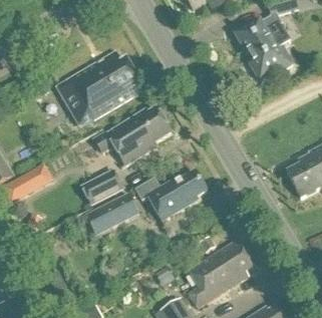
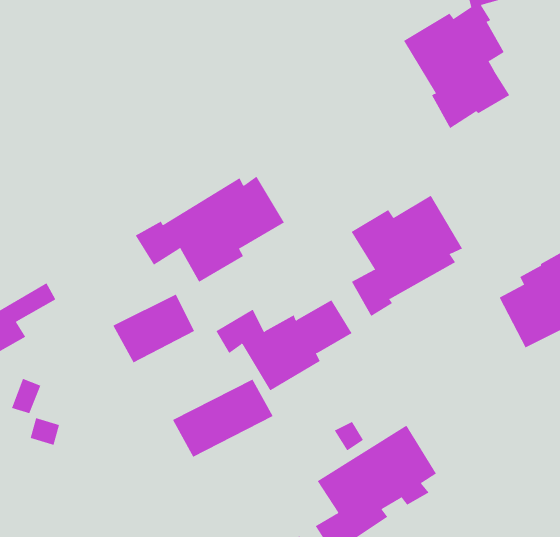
building: [55,50,145,126] -> none
building: none -> [351,195,463,317]
building: [84,194,138,236] -> [172,379,273,457]

